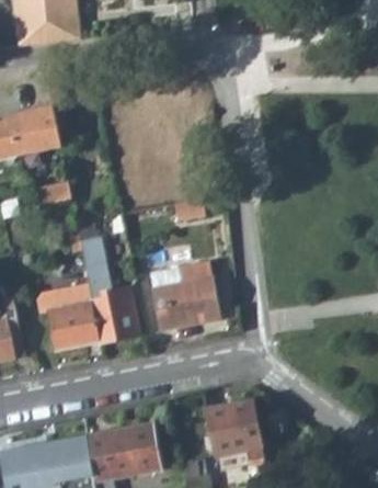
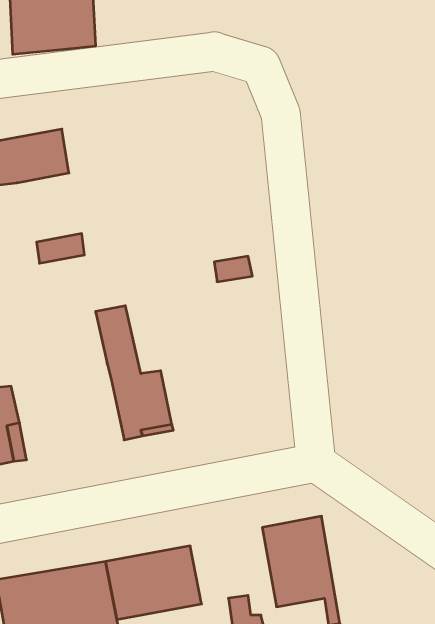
building: [148,261,219,330] -> none
building: [35,283,100,352] -> none

